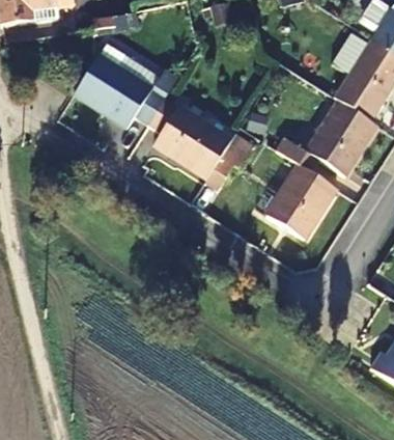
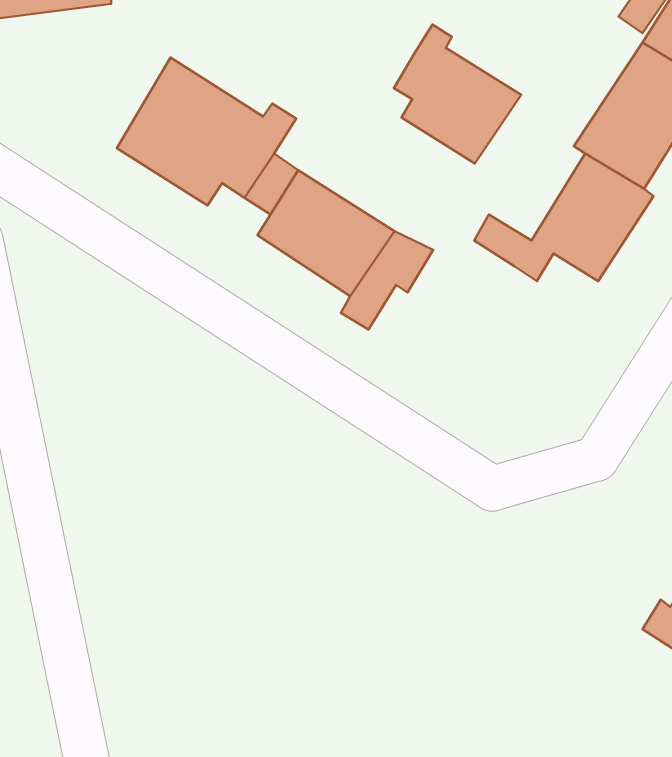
building: none -> [394,25,521,164]
building: [264,162,336,238] -> none

